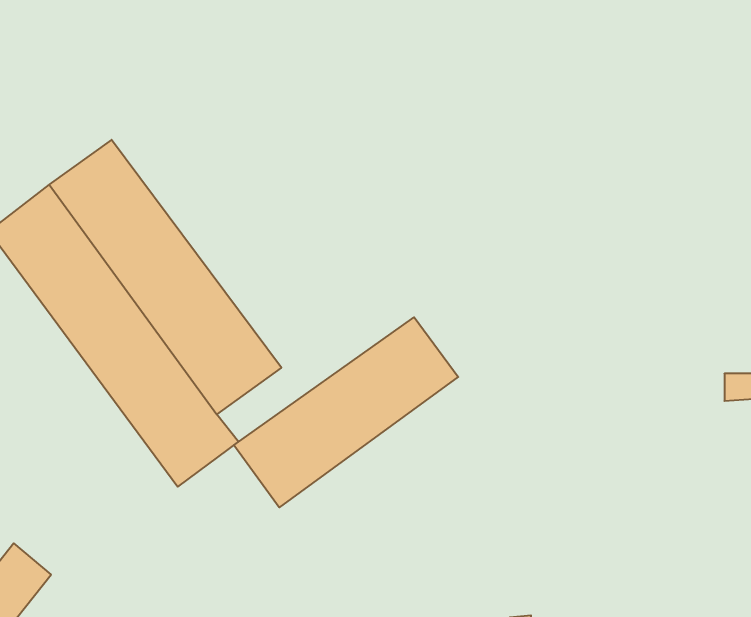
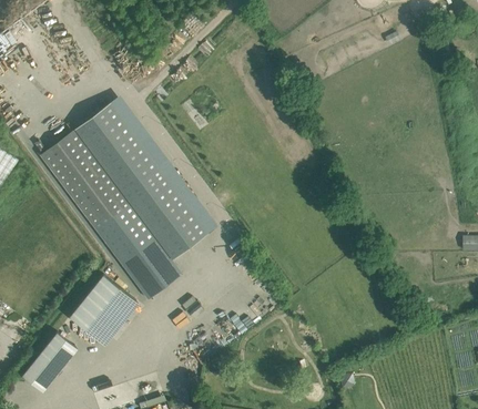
building: [234,317,458,507] -> none
building: none -> [69,274,139,345]

